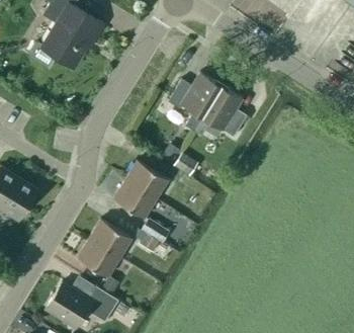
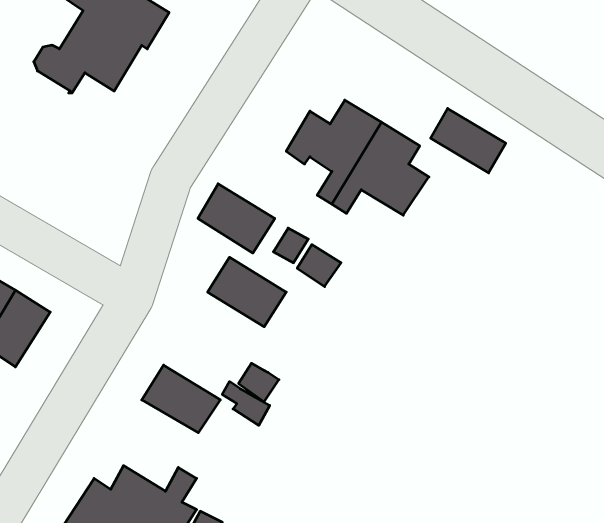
building: none -> [431,108,506,173]
building: [113,179,156,218] -> [198,184,275,253]
building: [77,239,119,276] -> none

